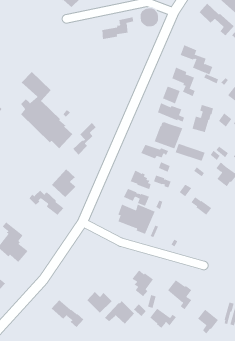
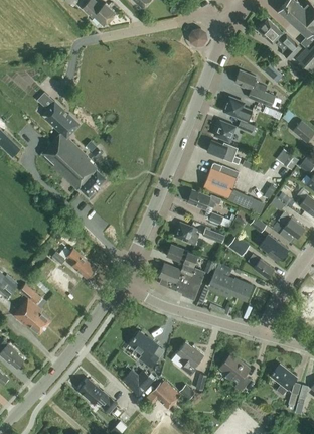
building: [102,17,134,40] -> none
building: [192,104,214,133] -> none
building: [73,122,96,155] -> none
building: [51,169,76,198] -> none
building: none -> [260,235,288,262]
building: none -> [207,262,253,299]
building: none -> [129,331,158,368]
building: [149,308,177,329] -> none
building: [197,309,219,334] -> [271,364,297,395]

